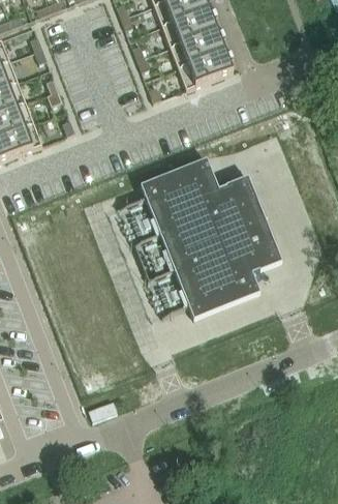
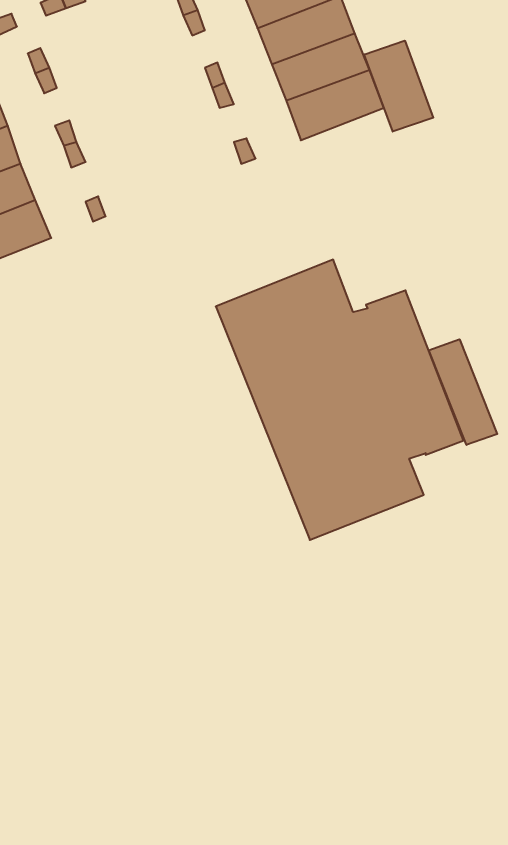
building: none -> [364,41,433,132]
building: none -> [429,339,497,445]

